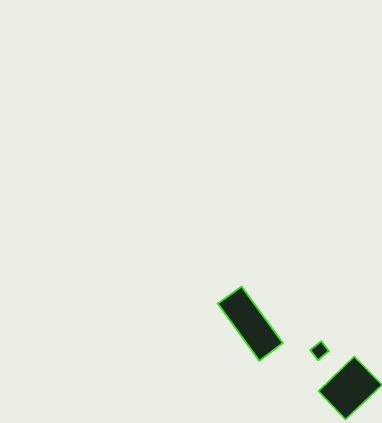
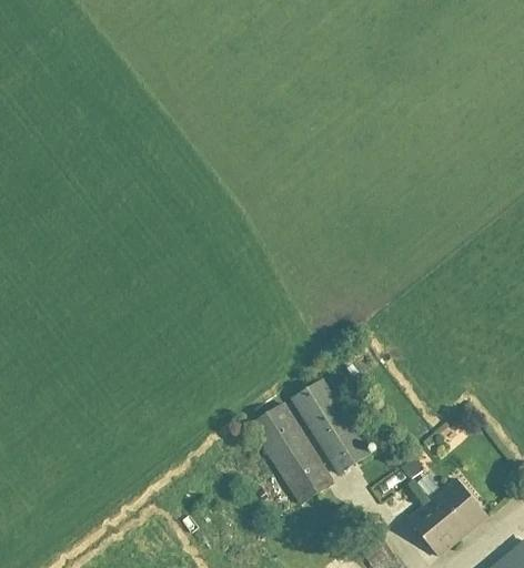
building: none -> [250,402,334,504]

